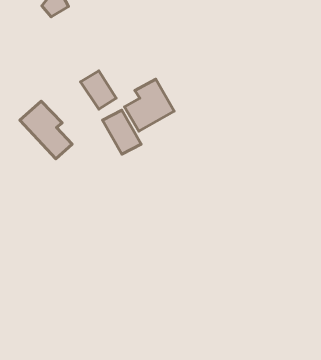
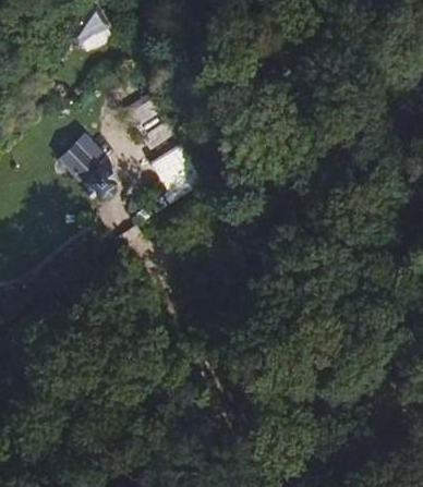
building: [124,79,174,131] -> none

